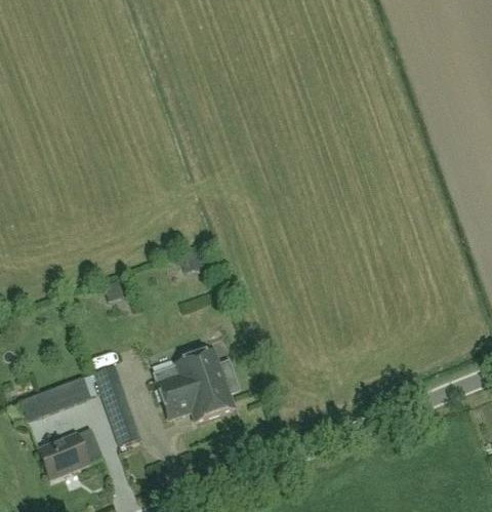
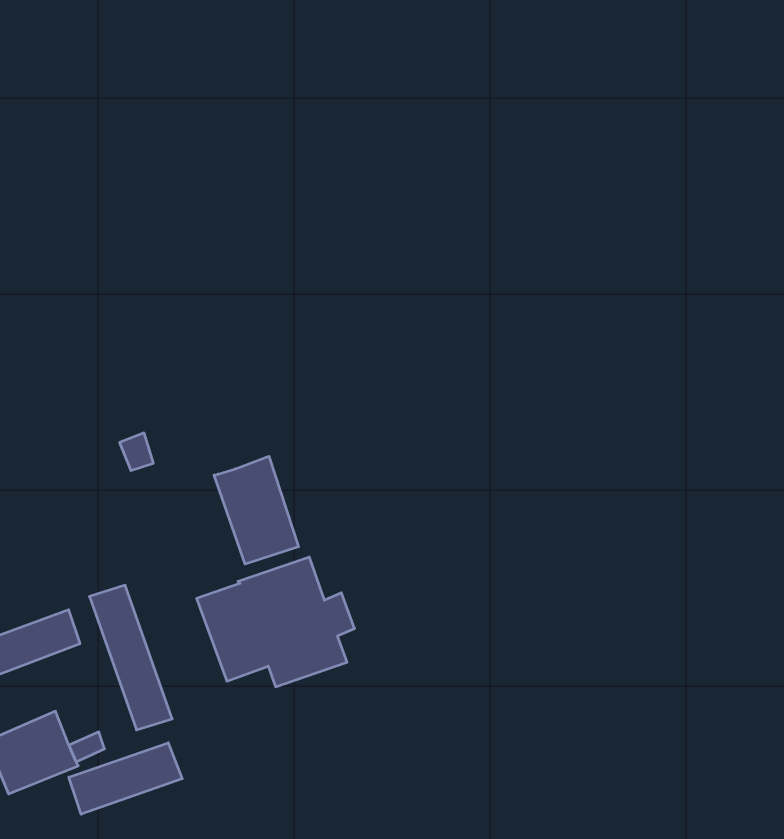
building: none -> [214,456,299,564]
building: none -> [69,743,182,814]

